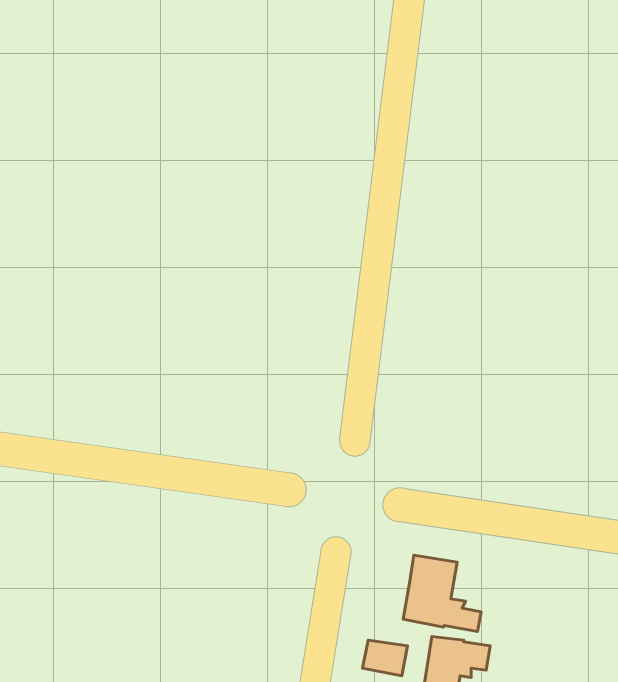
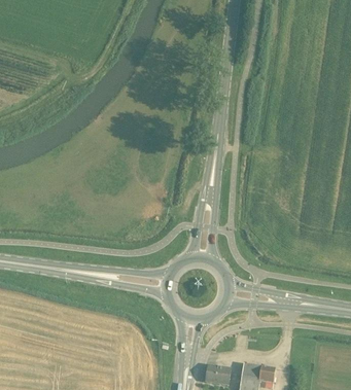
building: [403,555,481,632] -> none

